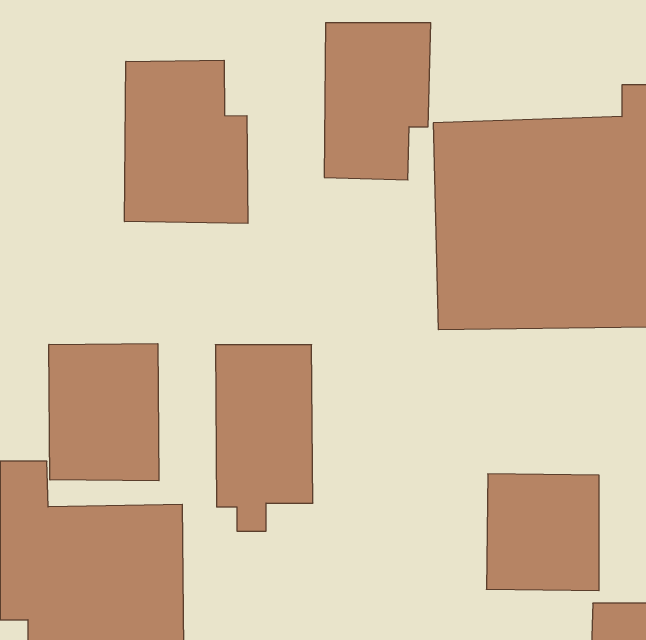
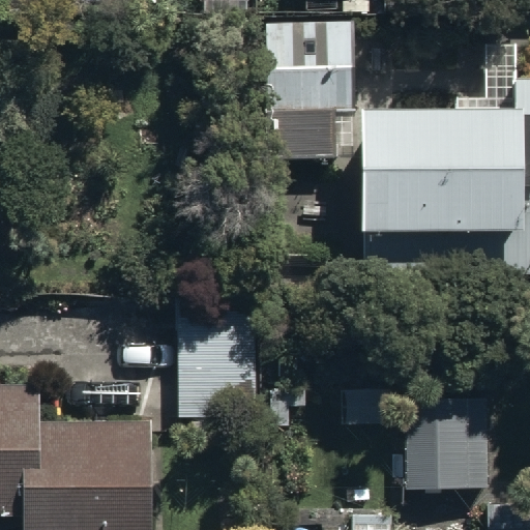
building: [125,60,248,223] -> none
building: [49,344,159,481] -> none

